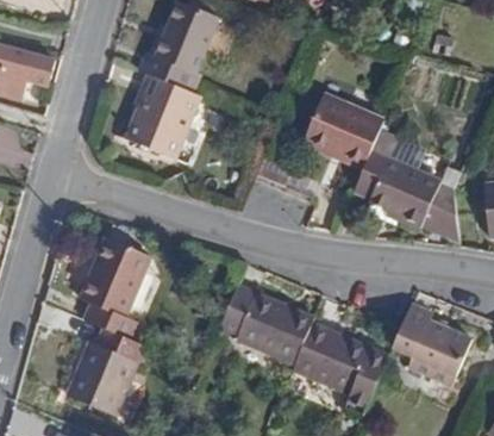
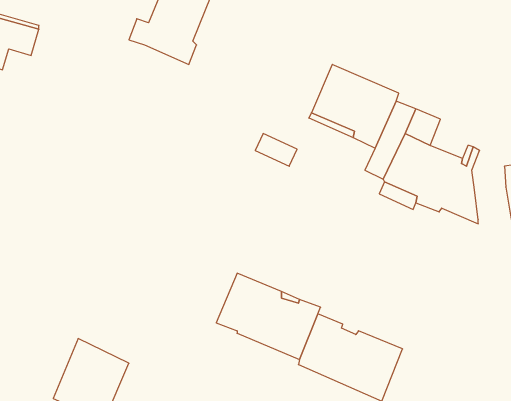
building: [125,75,205,162] -> none
building: [80,239,152,341] -> none
building: [390,300,470,385] -> none

